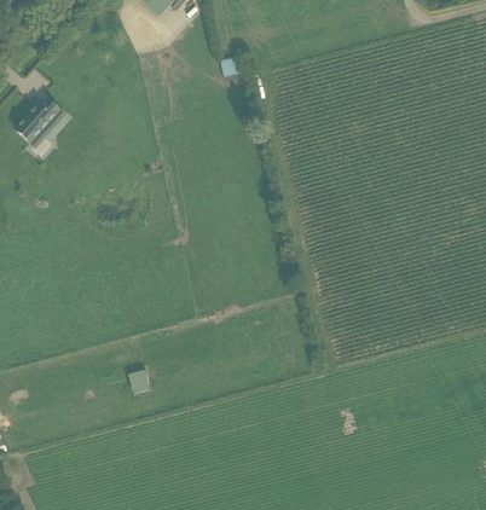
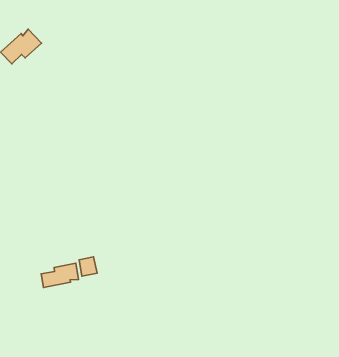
building: none -> [41,263,79,288]

